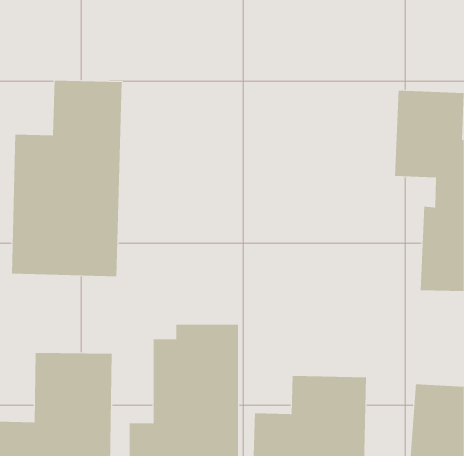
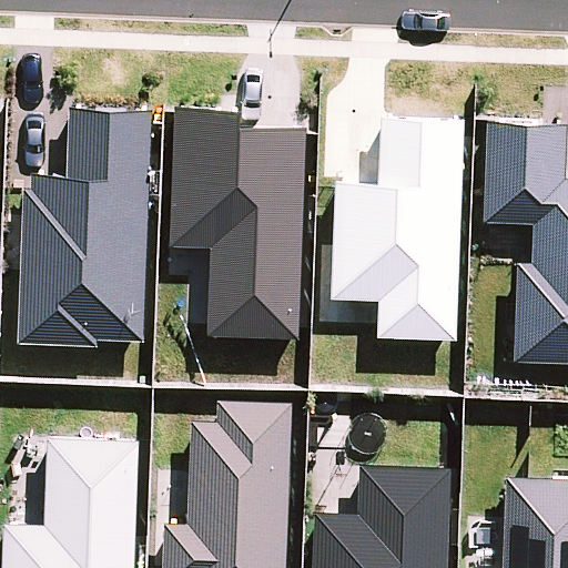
building: none -> [327,116,466,341]
building: none -> [170,122,305,341]

